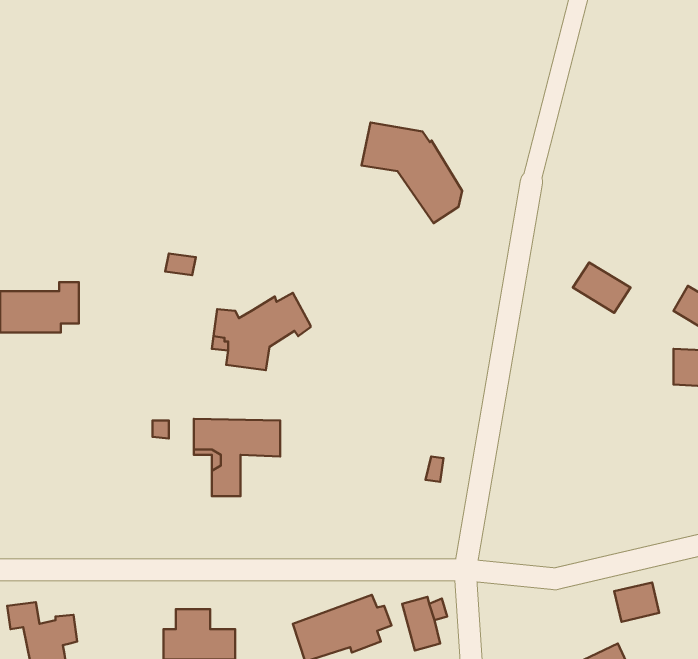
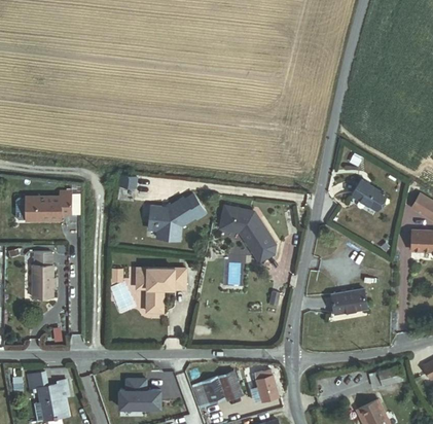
building: [362,123,462,223] -> [217,205,275,262]
building: none -> [31,252,52,298]
building: none -> [332,288,367,312]

